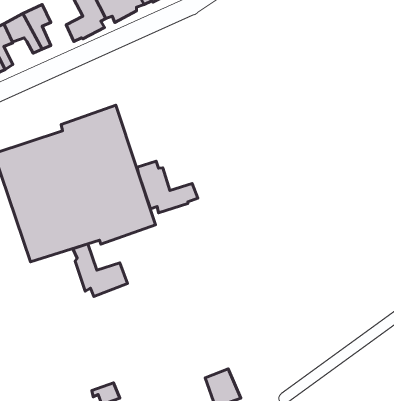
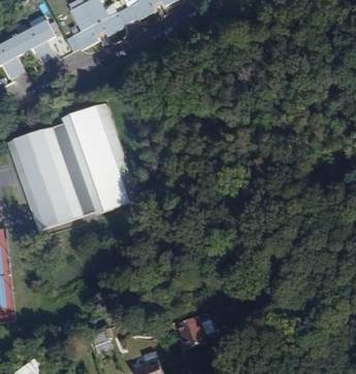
building: [137,161,198,213] -> none
building: [73,244,127,296] -> none

